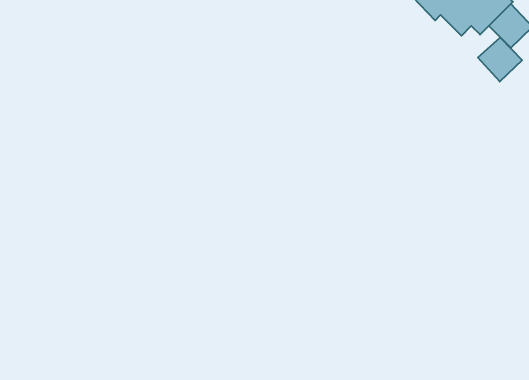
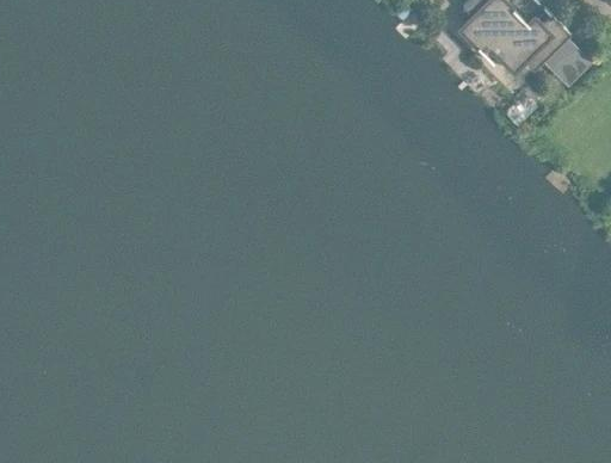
building: [478,37,522,82] -> none

